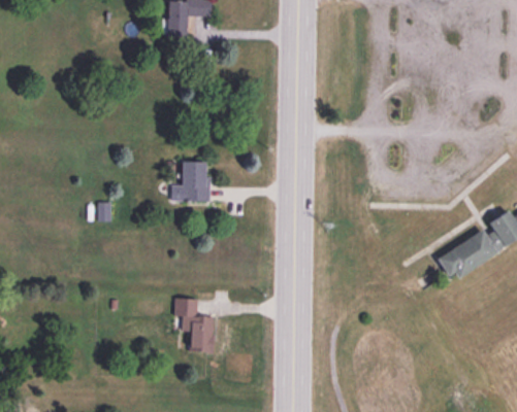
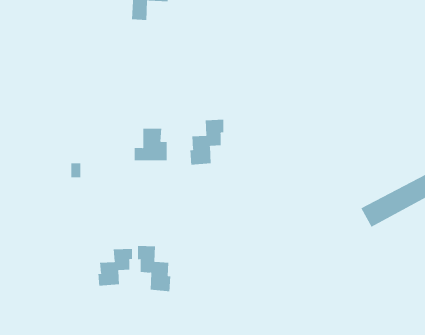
building: none -> [190,119,224,166]
building: none -> [98,248,132,286]

